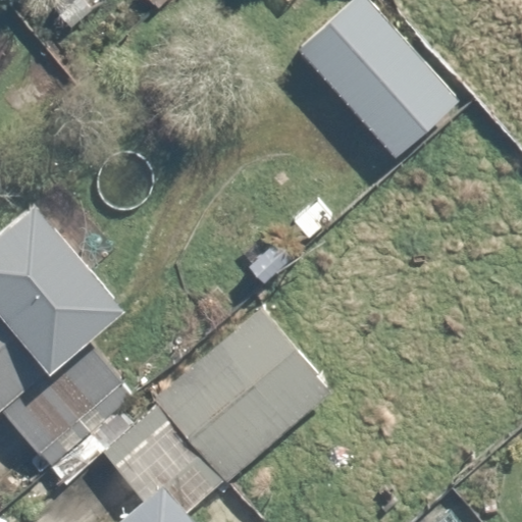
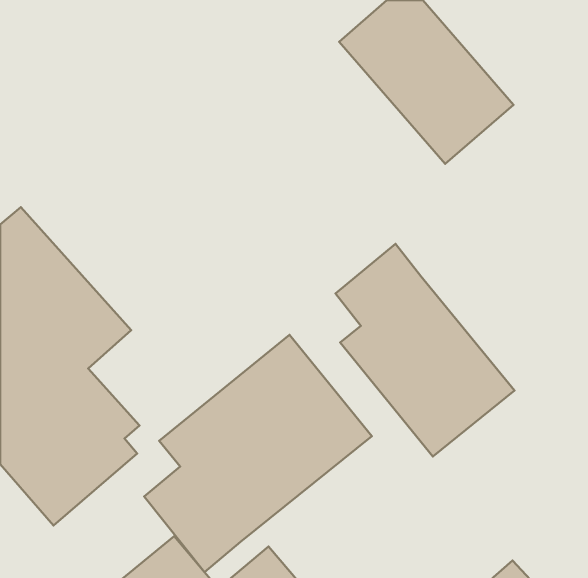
building: none -> [335,244,515,457]

